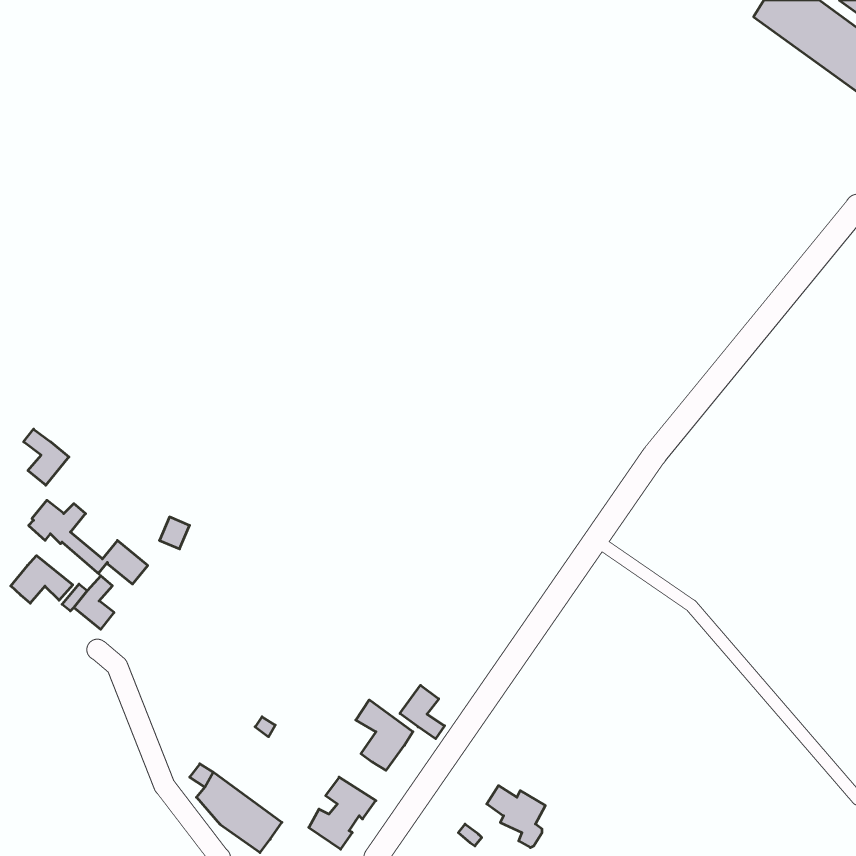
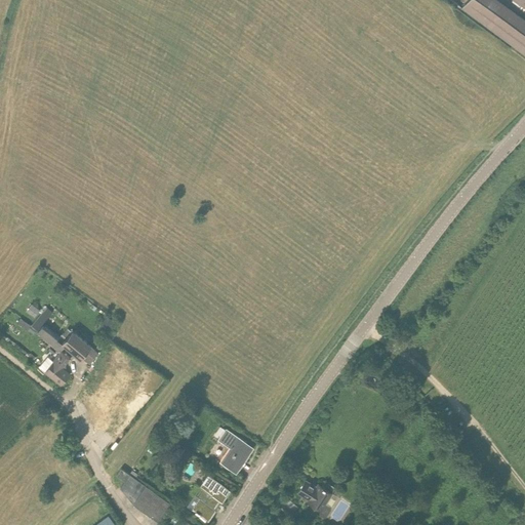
building: [24,429,69,485] -> none
building: [11,556,73,603] -> none
building: [400,685,445,739] -> none

